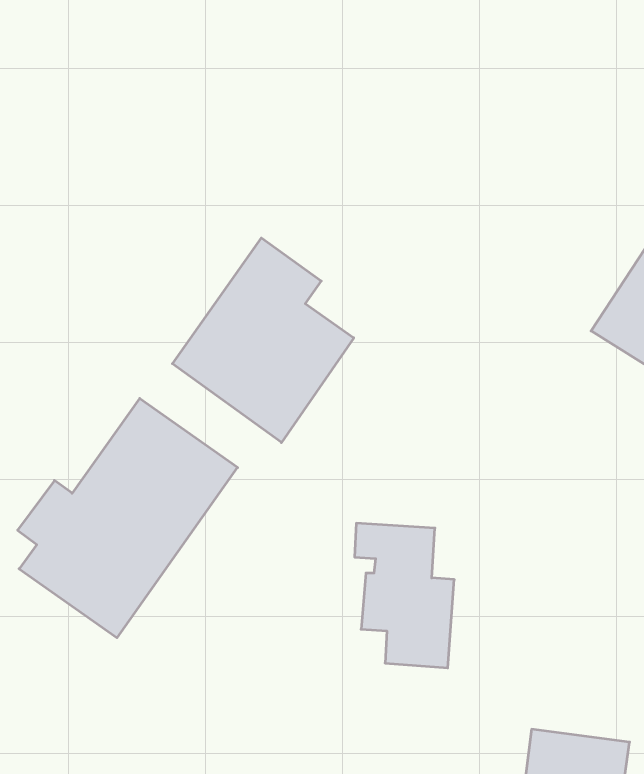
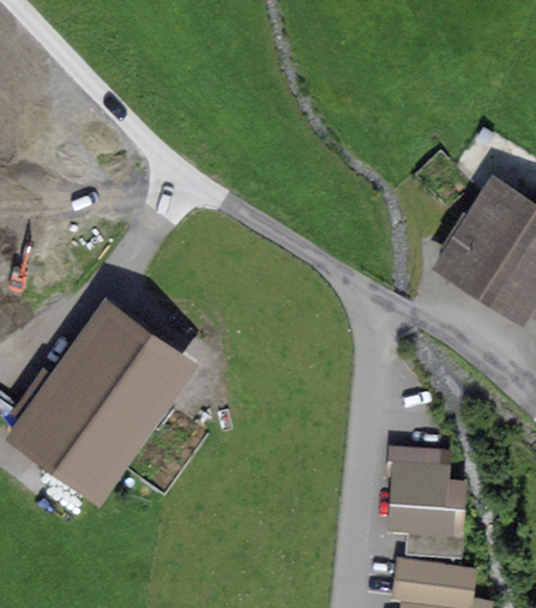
building: [172,238,354,443] -> none
building: [355,523,454,668] -> [389,451,463,559]

